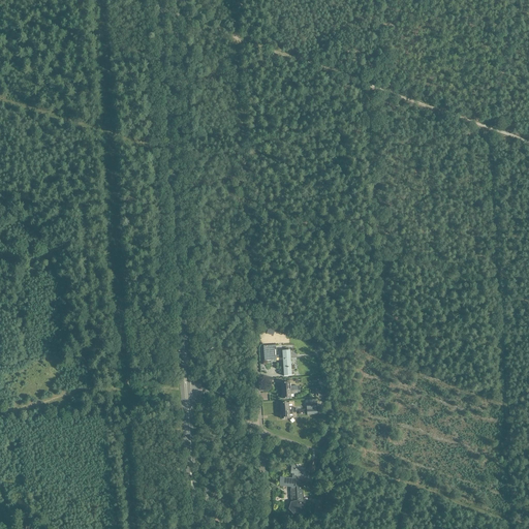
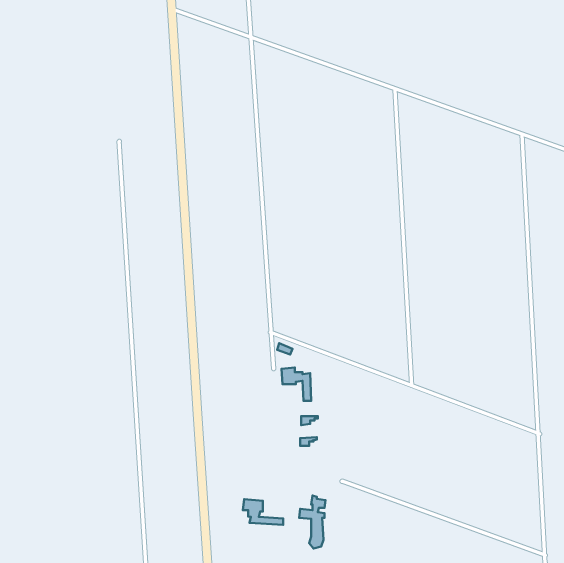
building: none -> [243,499,283,525]

